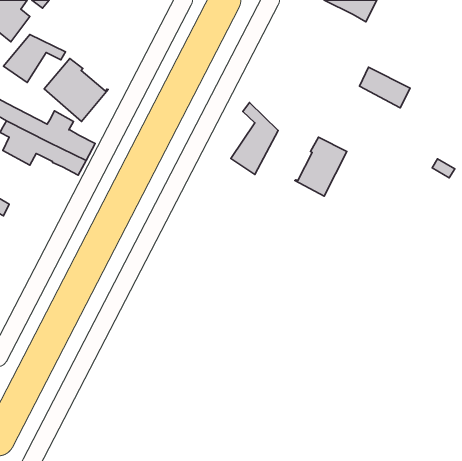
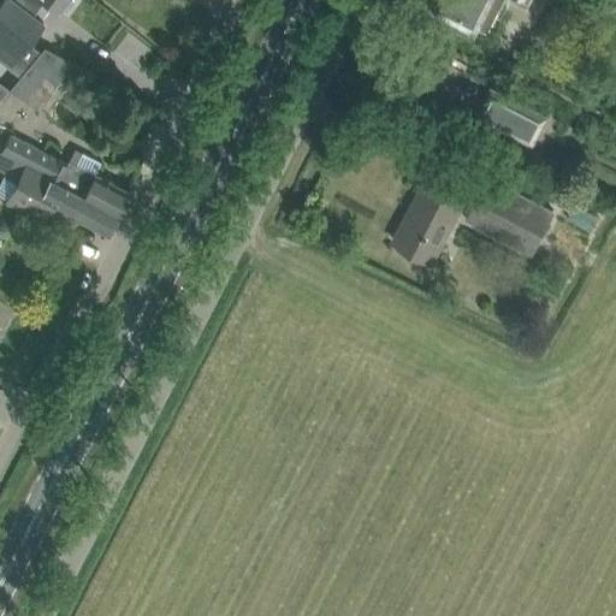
building: [44,59,108,121] -> none
building: [231,102,278,175] -> none
building: none -> [464,180,551,256]

